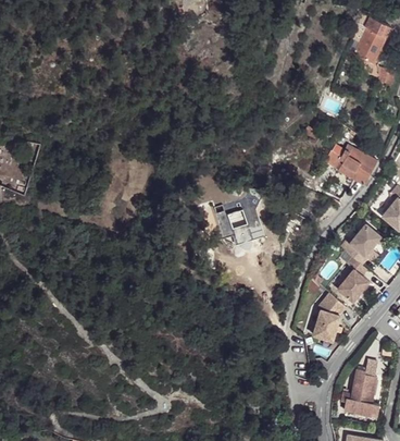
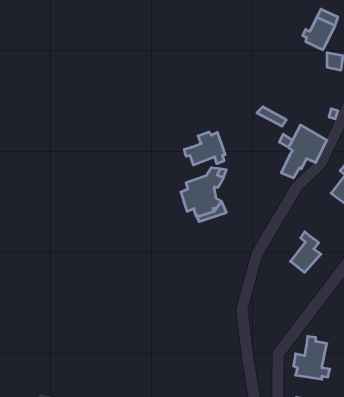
building: none -> [184,132,225,165]
building: [345,223,383,262] -> none
building: [316,292,343,339] -> none

